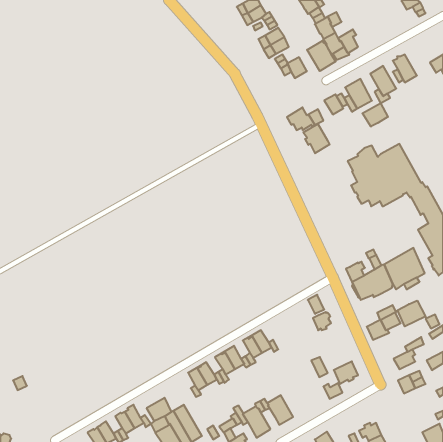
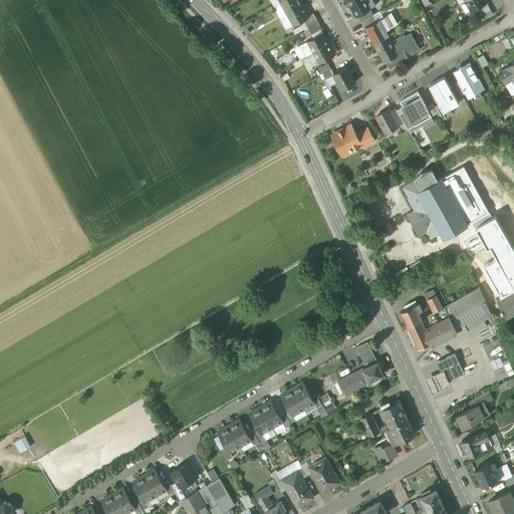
building: [307,40,336,71] -> none
building: [362,103,388,127] -> none
building: [303,124,330,153] -> none
building: [397,301,426,326] -> none
building: none -> [338,369,368,395]
building: none -> [379,401,408,428]
building: none -> [474,462,498,488]

